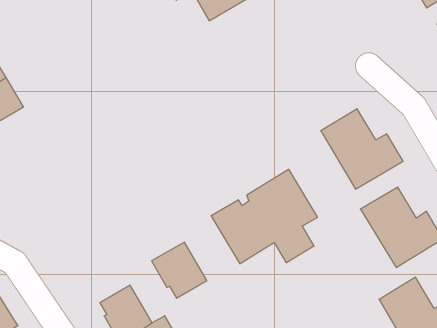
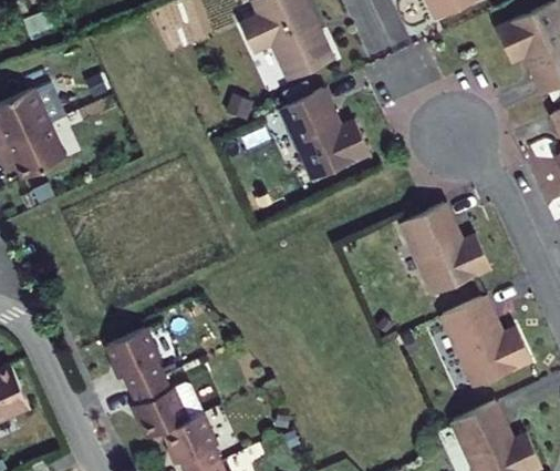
building: none -> [279,89,370,181]
building: [211,169,317,264] -> none
building: [152,242,207,298] -> [106,329,167,392]

